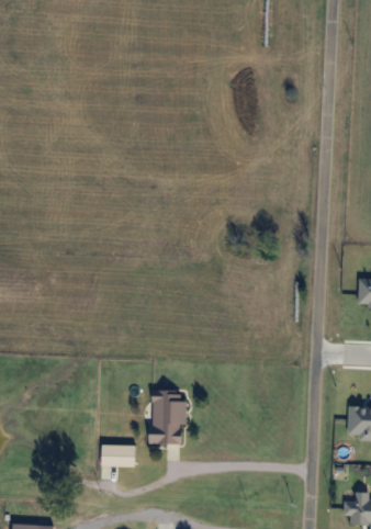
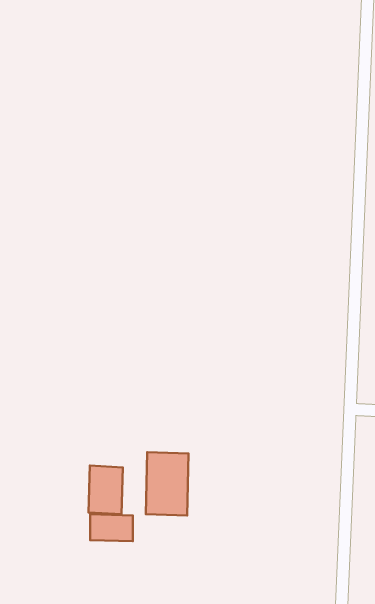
building: none -> [88,466,123,514]

